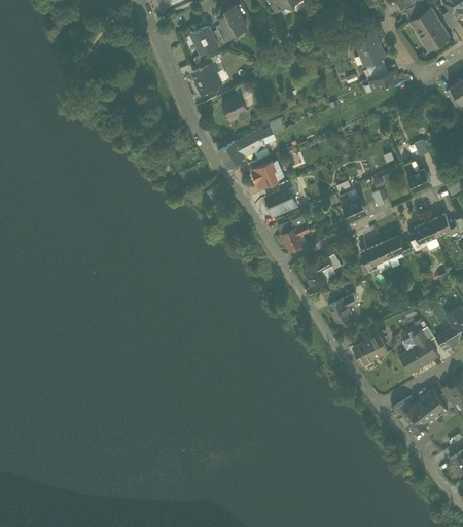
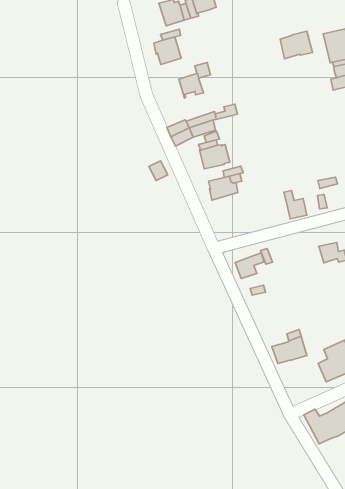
building: none -> [280,31,312,59]
building: [277,216,309,250] -> none
building: [360,243,389,271] -> none
building: [328,294,356,322] -> none

